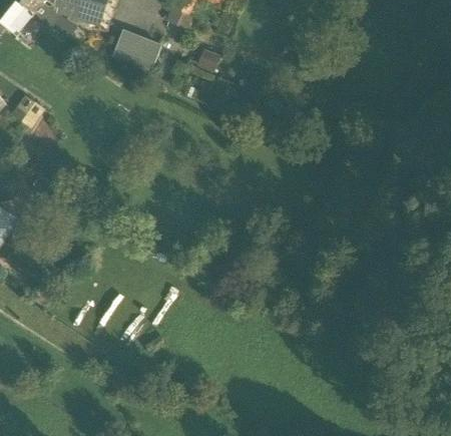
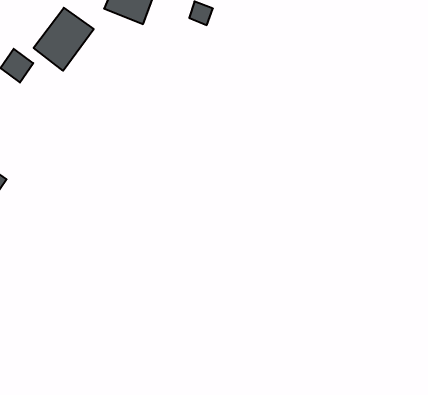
building: none -> [34,8,94,71]

